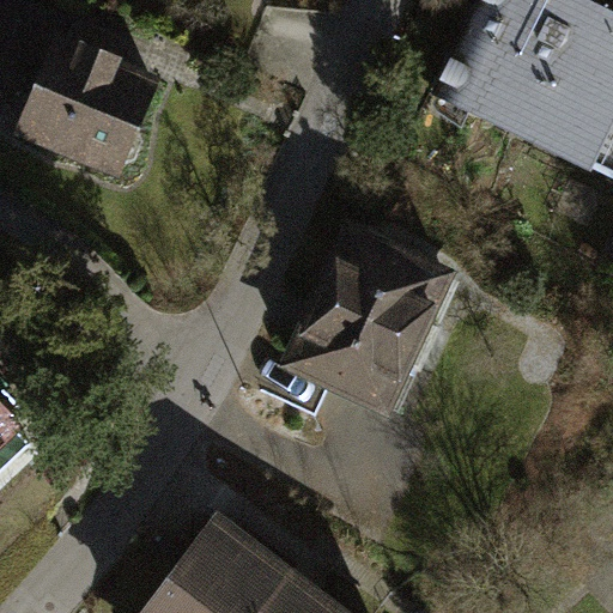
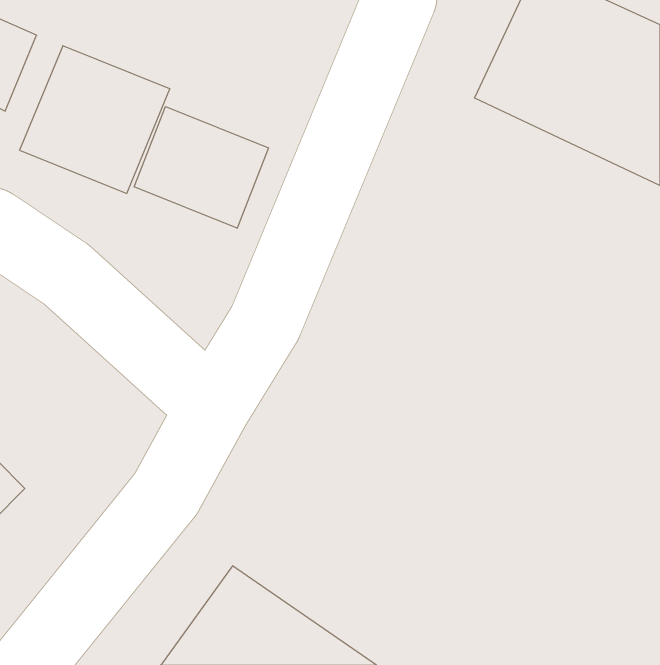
building: none -> [134,107,268,228]
building: [273,226,460,423] -> none

